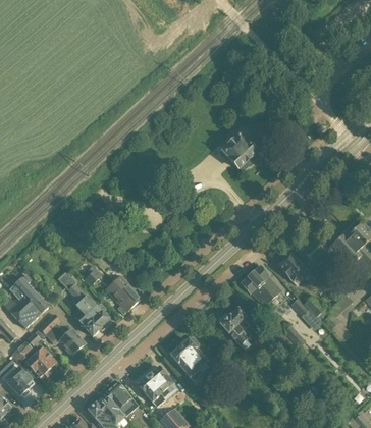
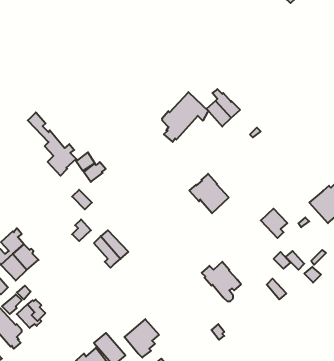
building: none -> [162,92,209,142]
building: [241,265,281,306] -> [189,174,229,213]
building: [58,270,108,335] -> [28,112,76,176]
building: [40,313,85,355] -> none
building: [170,337,206,376] -> none

